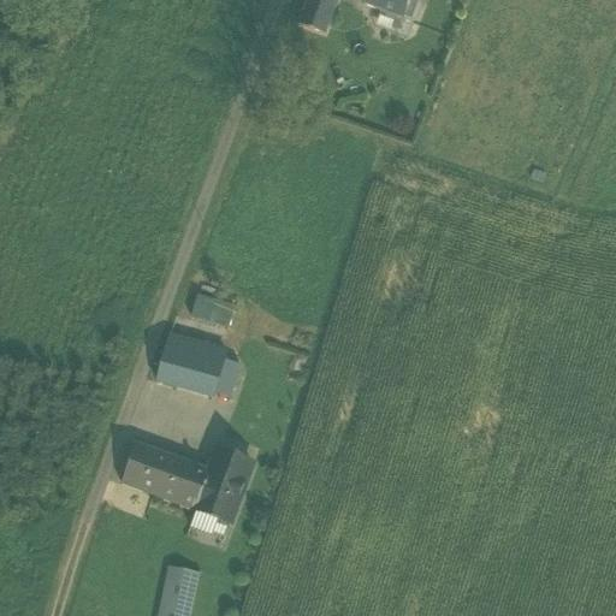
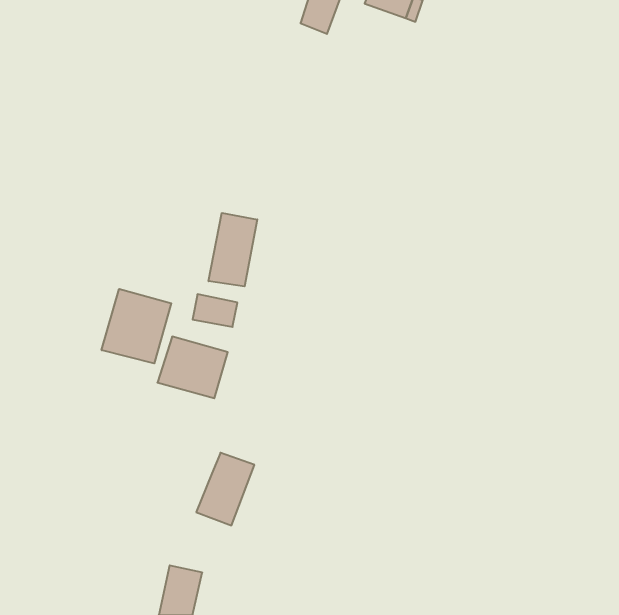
building: none -> [209,213,257,286]
building: none -> [102,289,171,363]
building: [123,443,211,509] -> none

